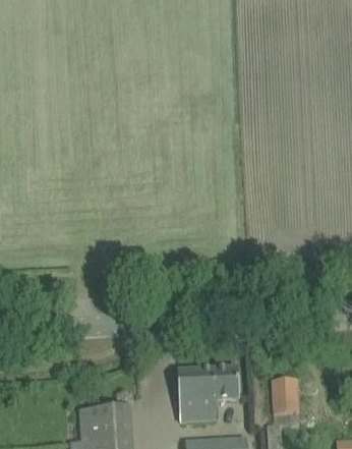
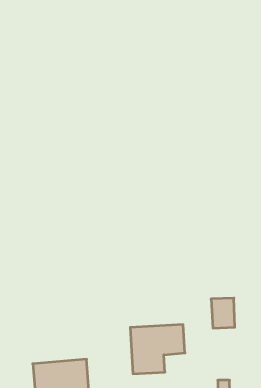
building: [272,379,298,412] -> [211,298,235,328]

